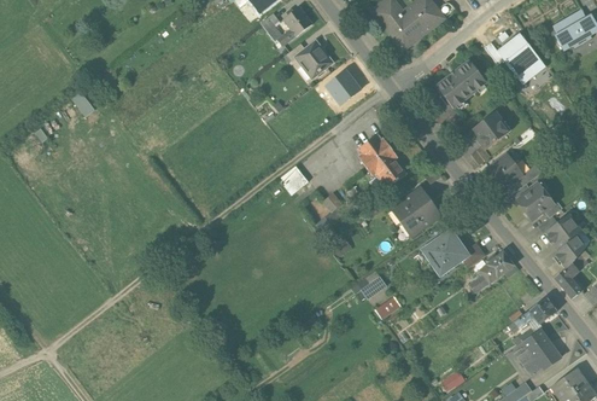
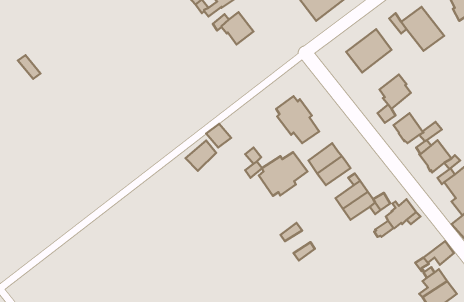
building: [326,70,359,104] -> none
building: none -> [185,141,216,171]
building: none -> [259,152,307,196]

